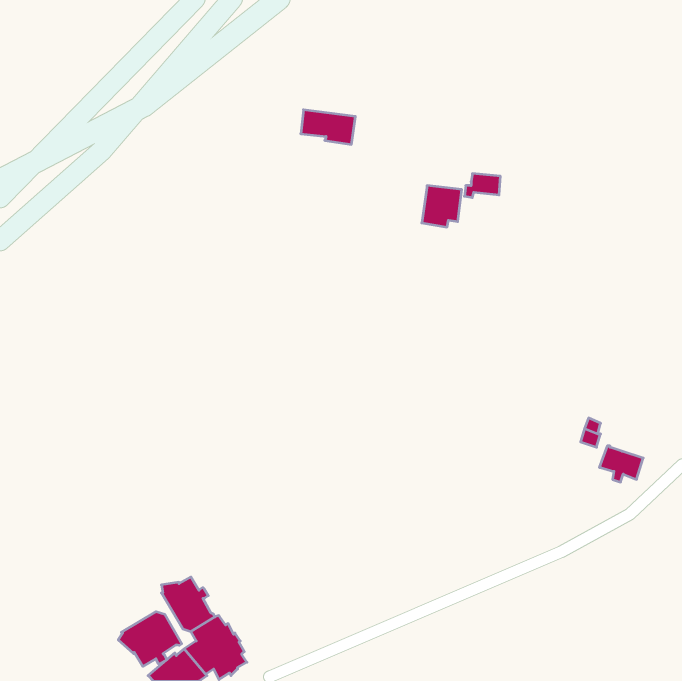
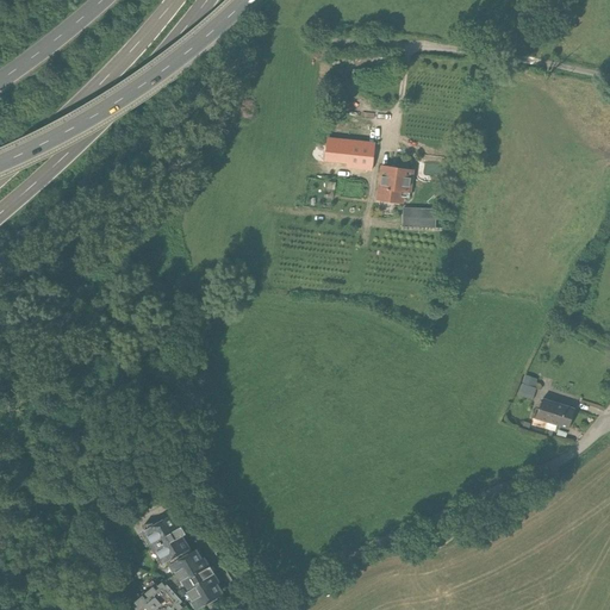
building: [301,110,355,144] -> [325,138,374,169]
building: none -> [402,208,436,226]
building: [118,612,182,666] -> none

